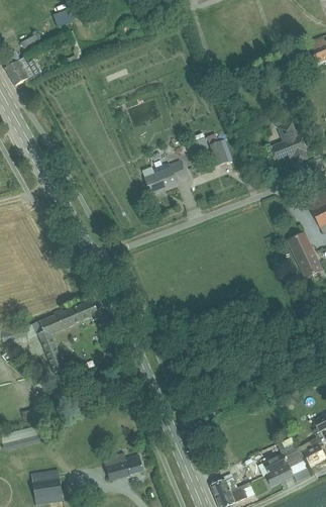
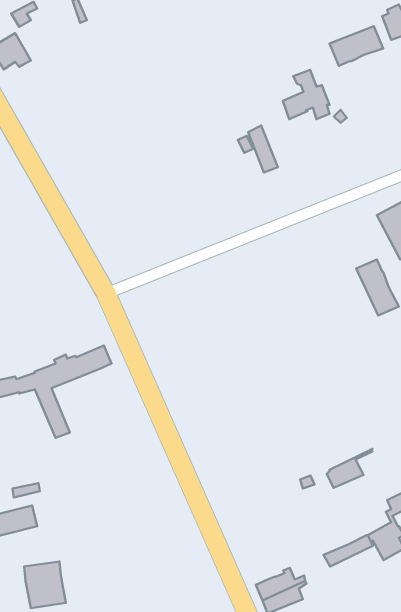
building: none -> [330,26,383,66]
building: [269,123,306,162] -> [283,70,330,119]
building: [144,161,186,194] -> none
building: [105,454,142,480] -> none
building: [265,455,301,486] -> [327,449,372,488]

